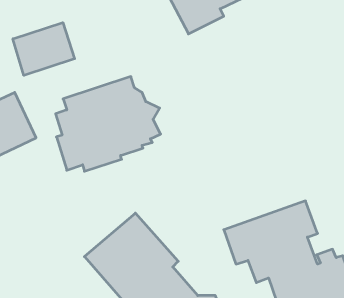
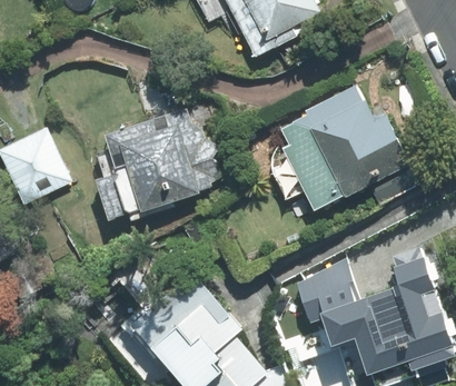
building: [13,23,75,75] -> none
building: none -> [278,85,409,210]

